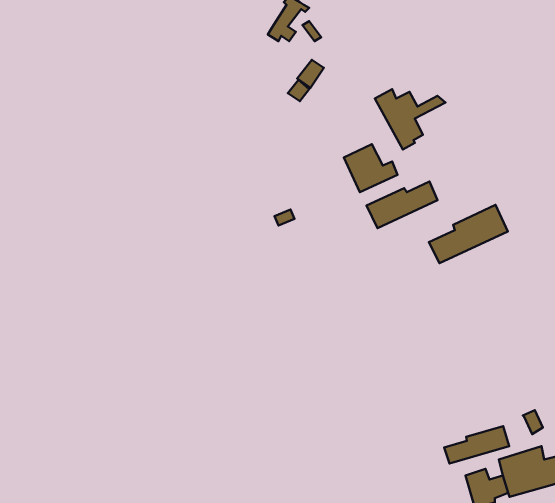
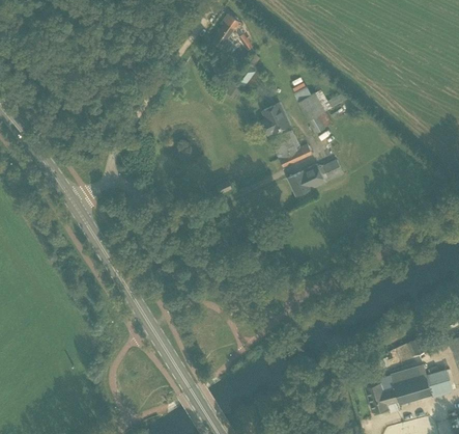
building: none -> [261,103,290,135]
building: [429,205,508,263] -> none
building: [444,426,509,464] -> none

